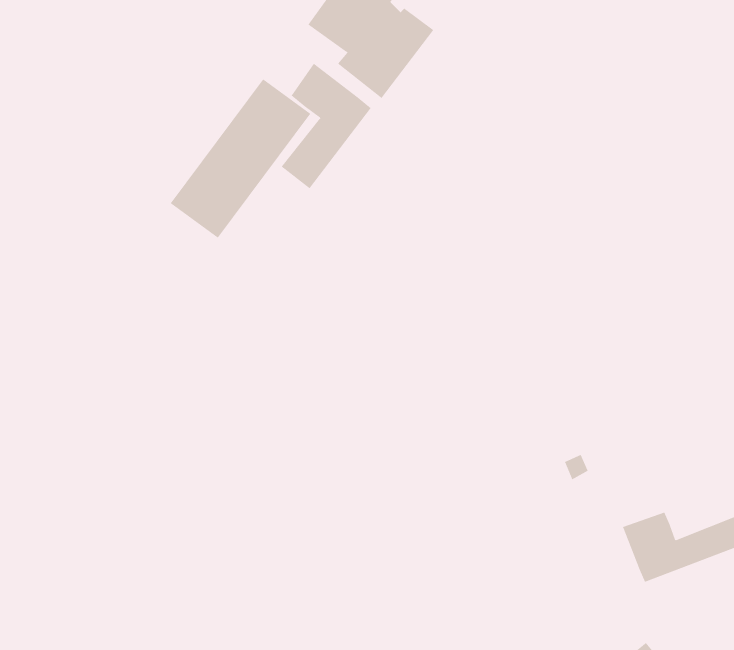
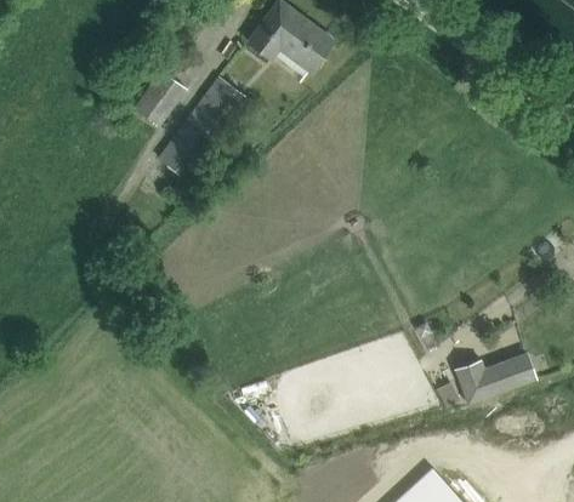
building: [281,63,371,189] -> none
building: none -> [133,73,184,129]

